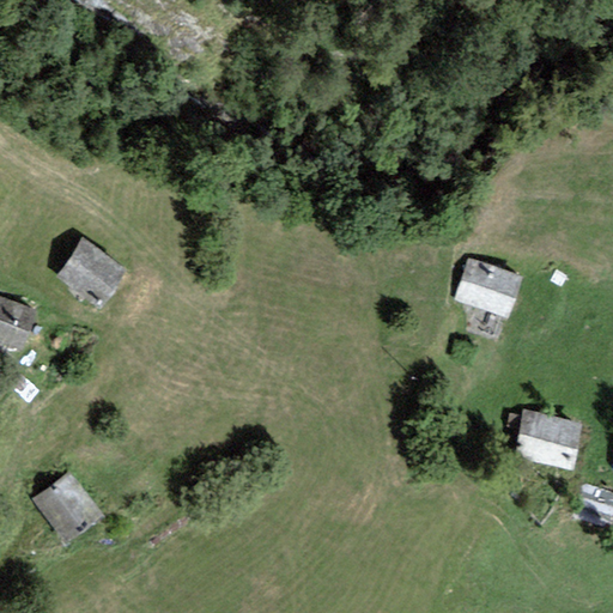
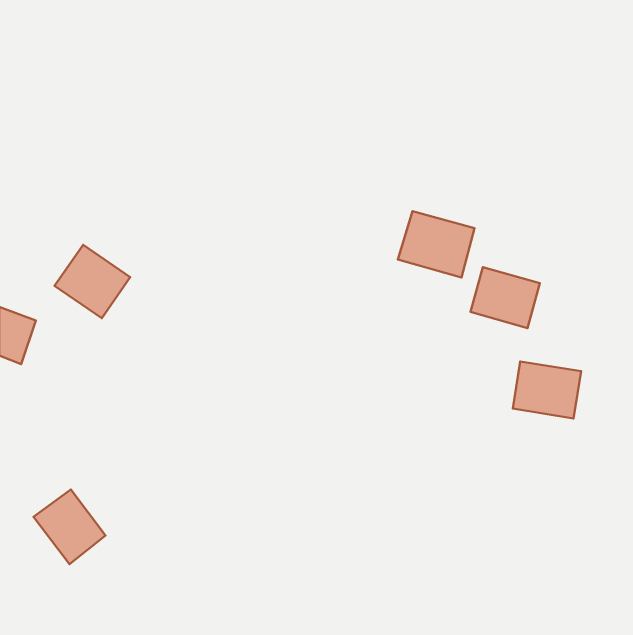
building: none -> [398,211,474,277]
building: [515,411,581,466] -> [513,361,581,419]

